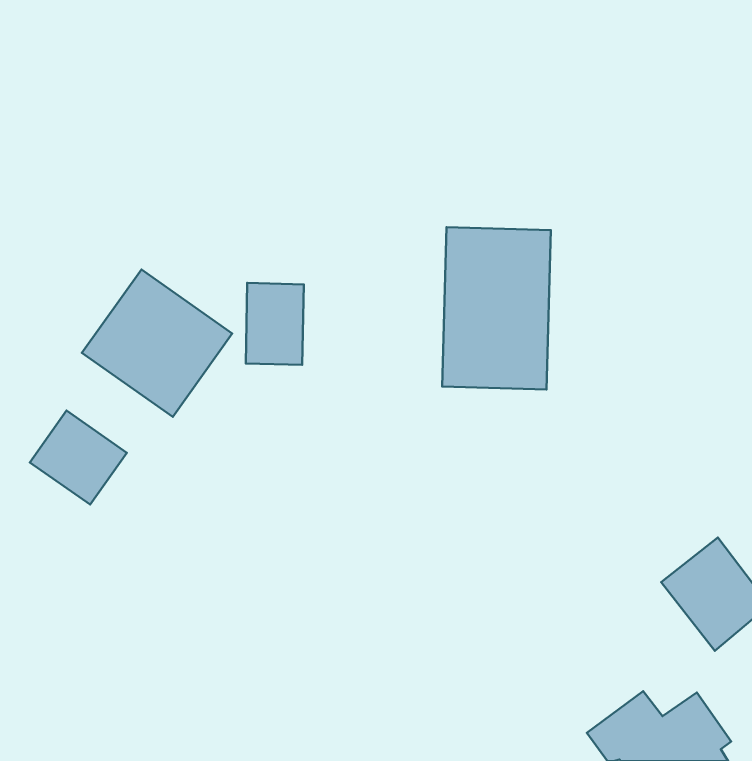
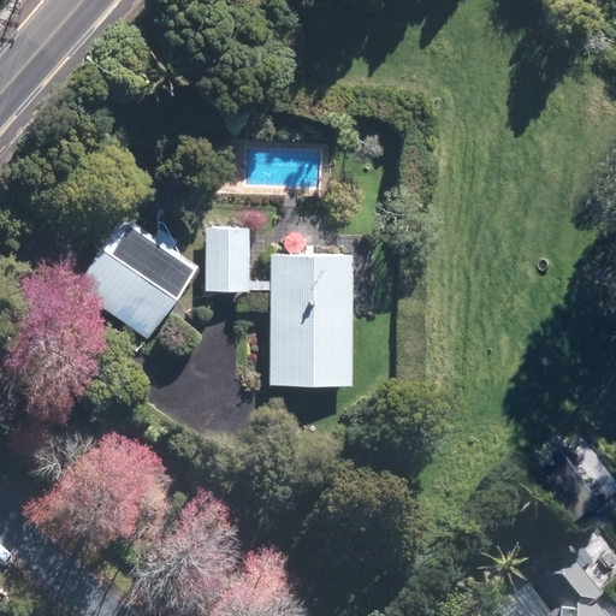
building: [442,227,551,390] -> [268,256,356,387]
building: [30,411,127,505] -> none

